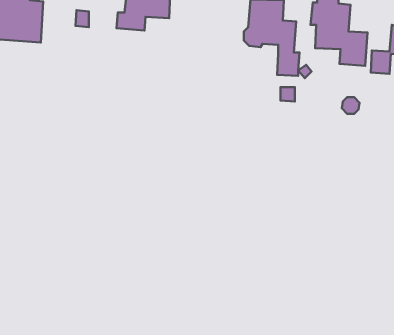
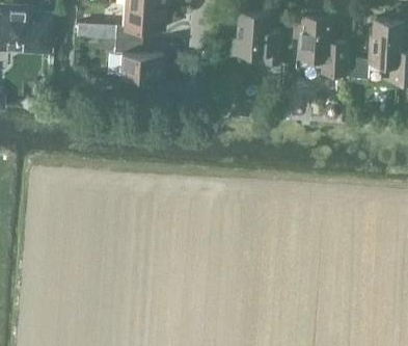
building: none -> [115,38,163,77]

